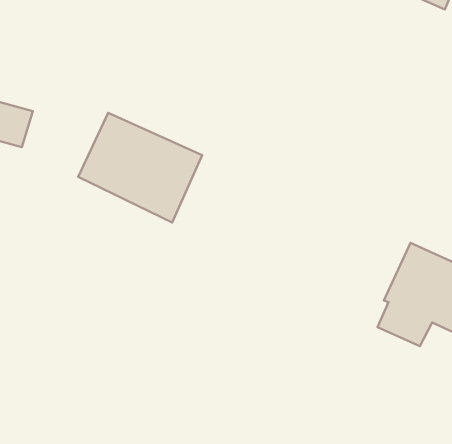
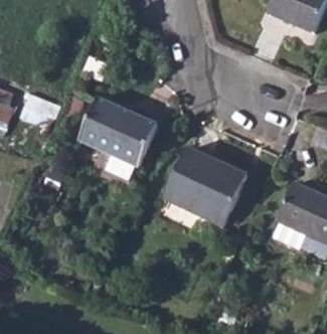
building: none -> [166,149,248,220]

